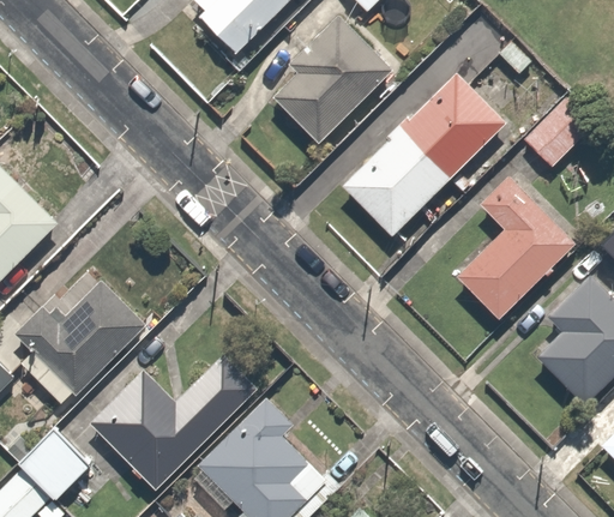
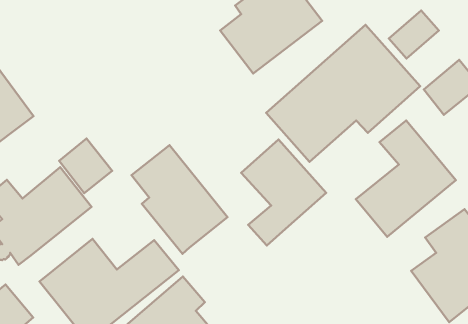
building: none -> [241,140,326,245]
building: none -> [132,145,227,254]
building: none -> [59,139,112,193]

